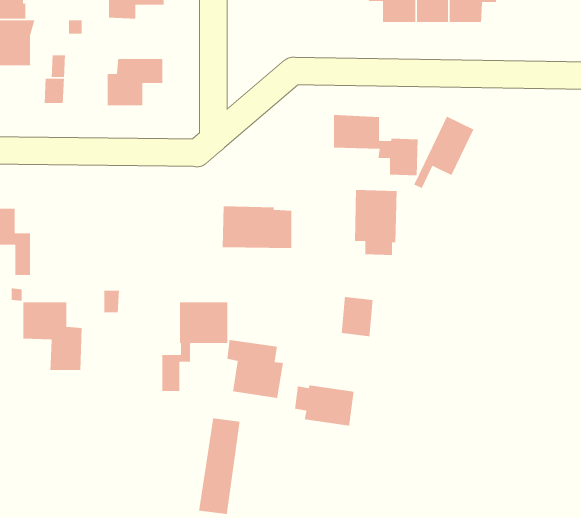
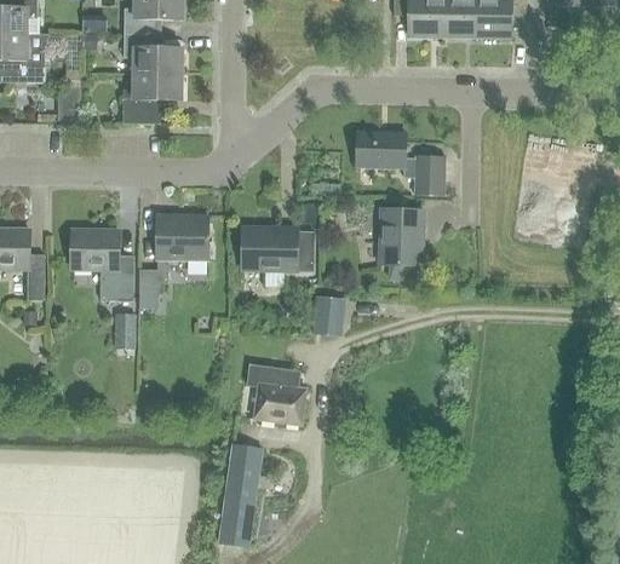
building: none -> [122,31,182,73]
building: [413,116,475,189] -> none
building: [341,296,374,337] -> [311,294,345,336]
building: [161,302,228,392] -> [138,214,207,307]
building: [23,302,82,371] -> [71,229,133,300]
building: [294,385,355,426] -> none

